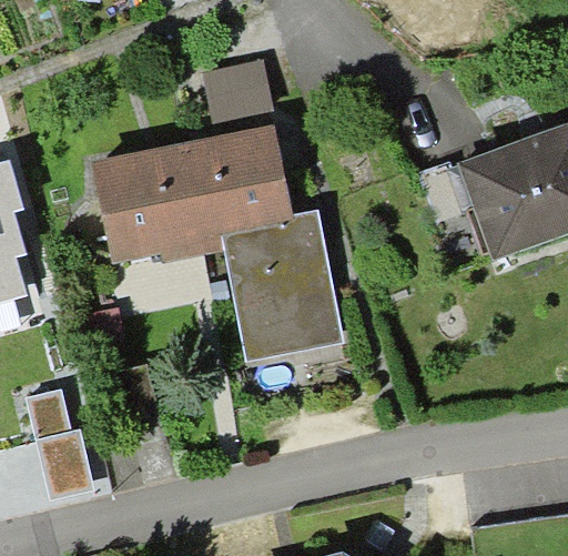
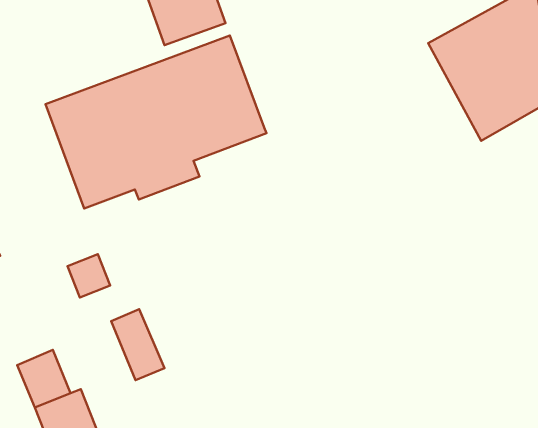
building: [221,210,344,362] -> none

